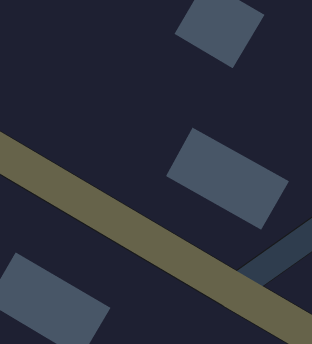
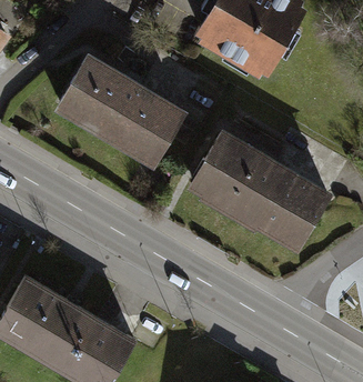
building: none -> [51,64,183,175]

